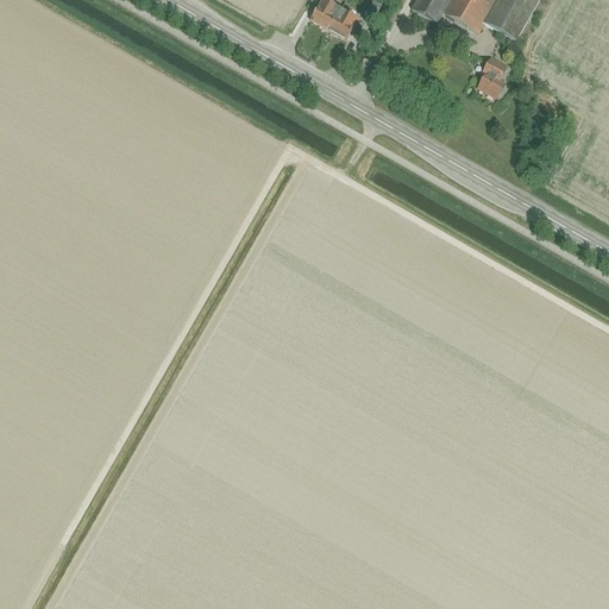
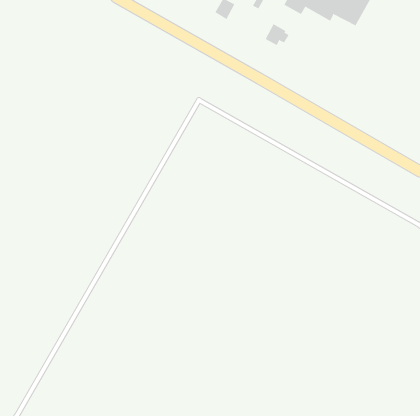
building: [328,6,364,38] -> [265,24,289,46]
building: [477,56,507,98] -> none

